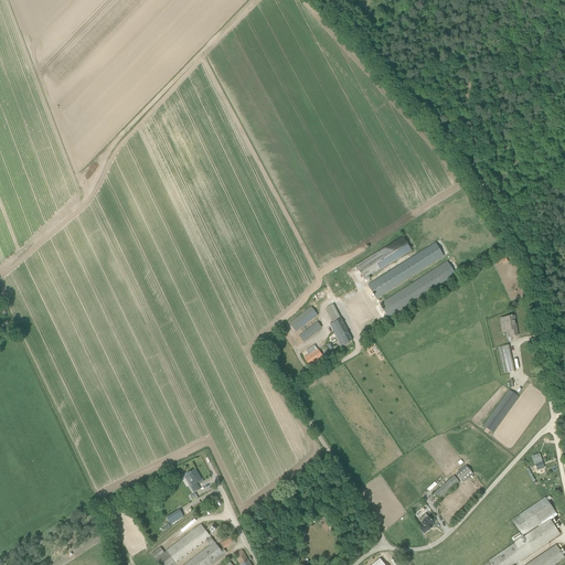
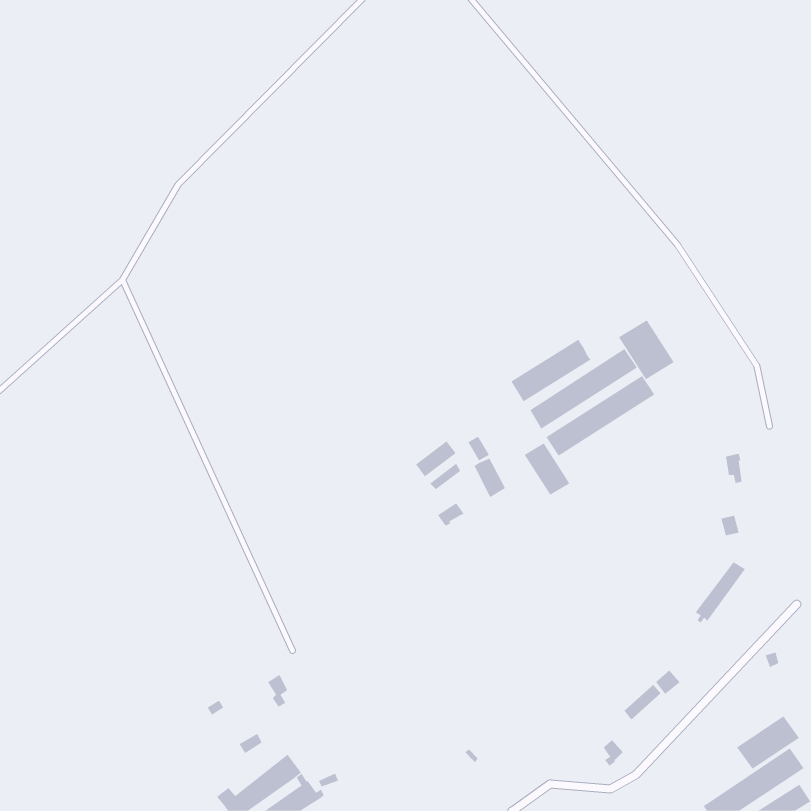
building: none -> [618,319,674,380]
building: none -> [524,443,570,496]

